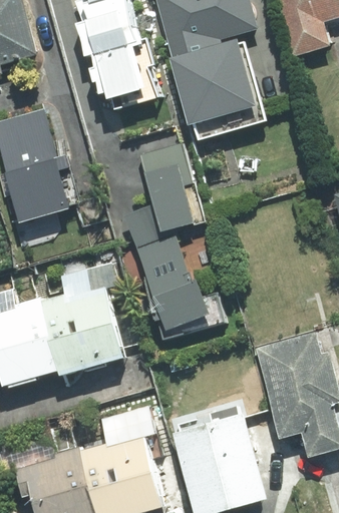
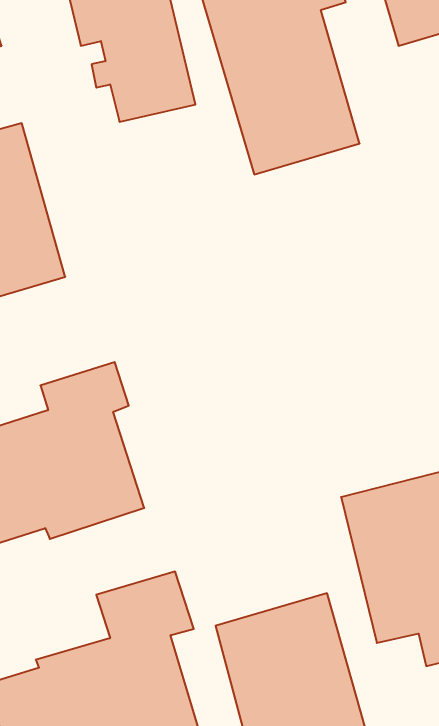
building: [122,144,222,340] -> none

